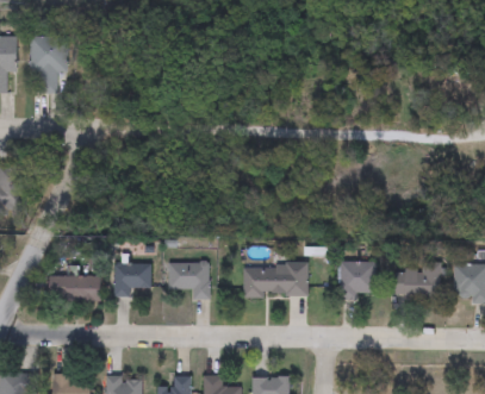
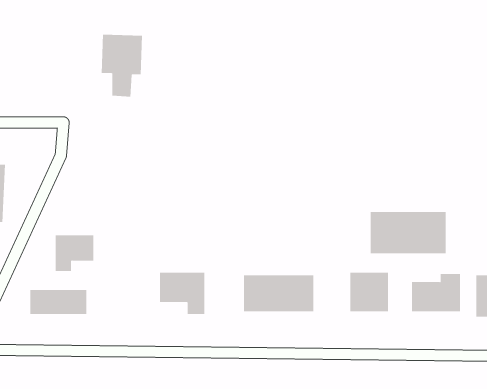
building: [30,36,68,93] -> [101,34,143,97]
building: none -> [370,211,446,254]
building: [114,264,150,298] -> [55,235,94,272]

